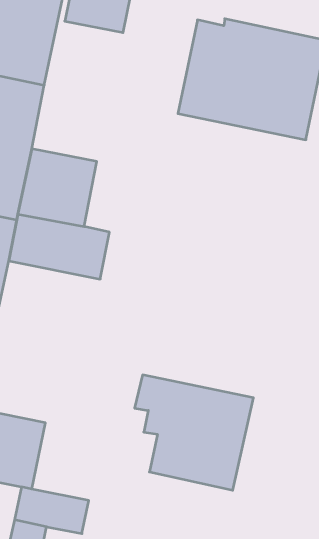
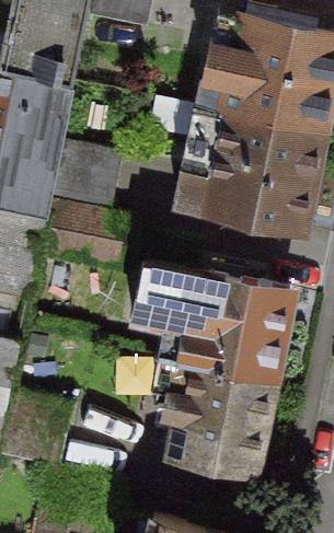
building: none -> [184,111,320,231]
building: none -> [129,264,288,383]

